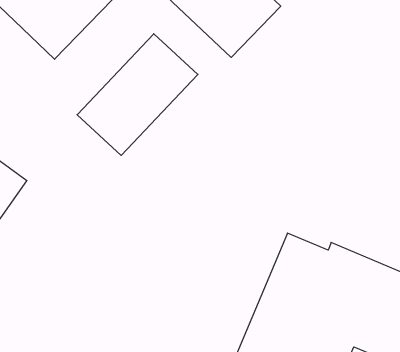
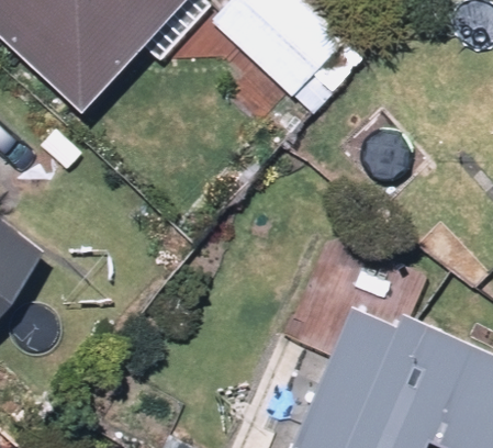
building: [77,34,198,155] -> none

